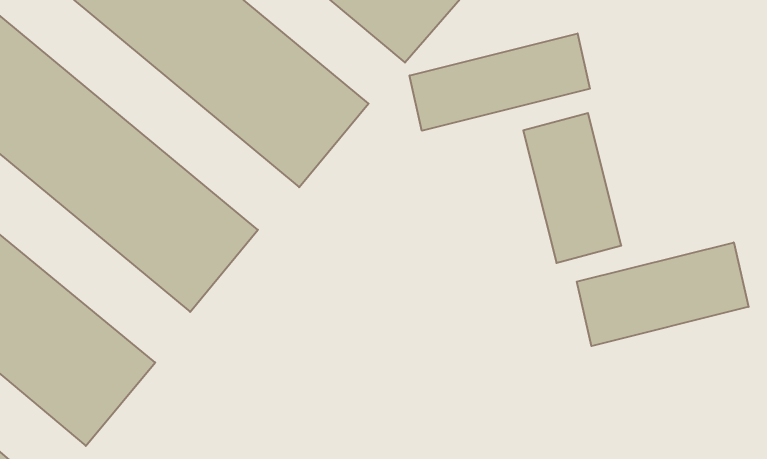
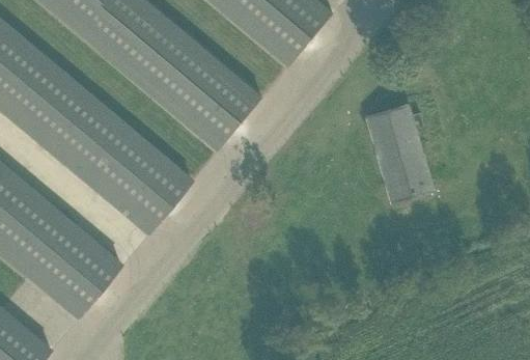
building: [410,33,590,131] -> none
building: [577,242,749,346] -> none

